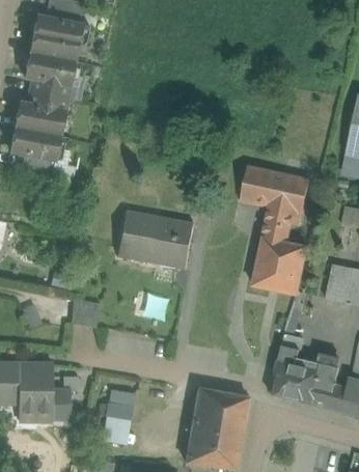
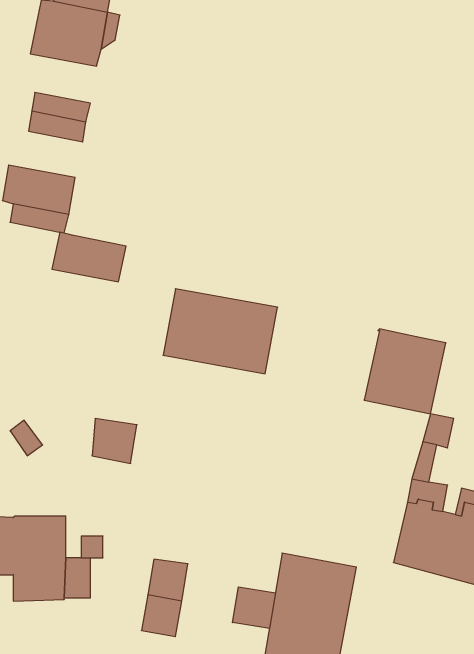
building: [24,53,73,86] -> none
building: [13,103,63,136] -> [52,232,126,282]
building: [240,166,309,243] -> none
building: none -> [232,587,275,629]

